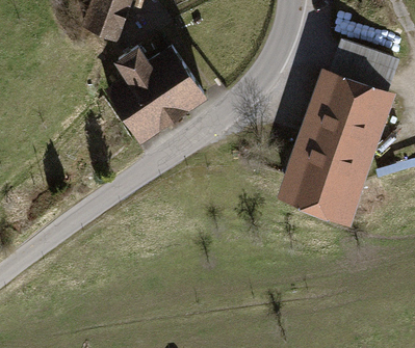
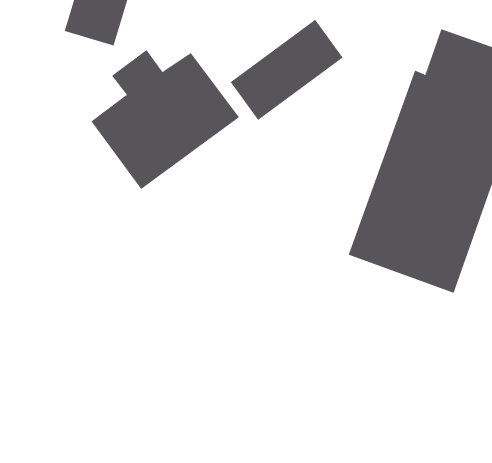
building: none -> [230,19,343,121]

